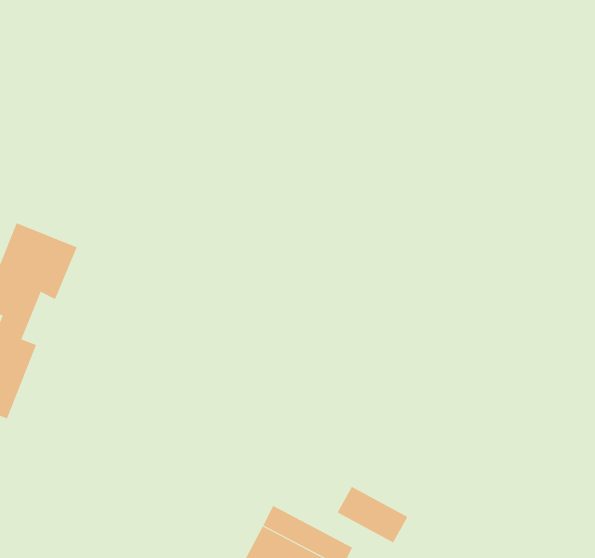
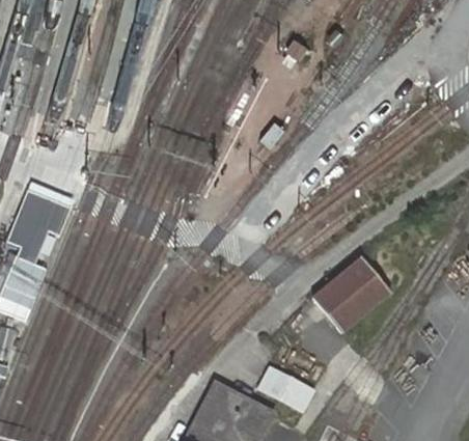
building: none -> [312,255,390,331]

